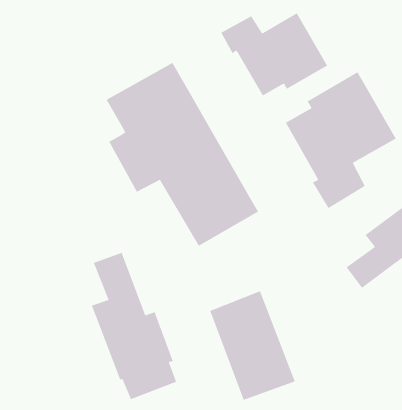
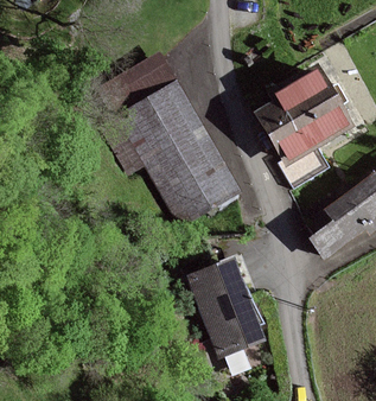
building: [220,12,328,97] -> none
building: [91,252,177,400] -> none

